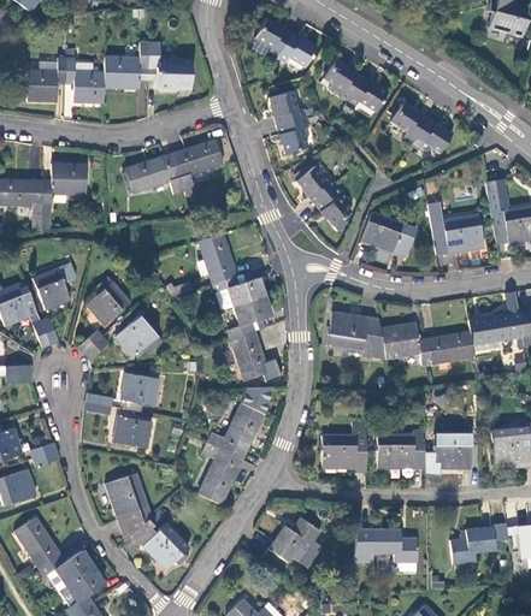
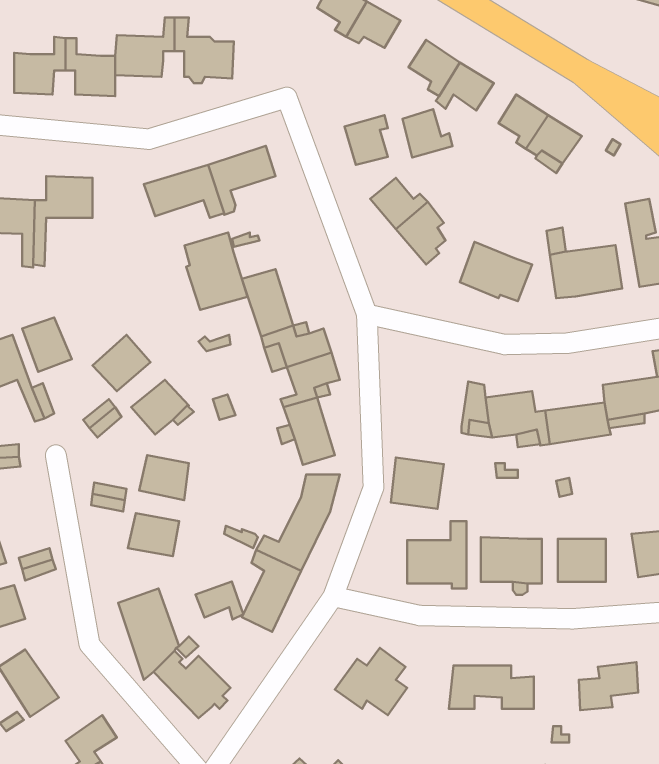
building: [269,89,306,125] -> [403,109,452,157]
building: none -> [184,232,247,310]
building: [329,312,368,350] -> [391,458,444,509]
building: none -> [196,582,243,619]
building: [40,549,94,586] -> none

